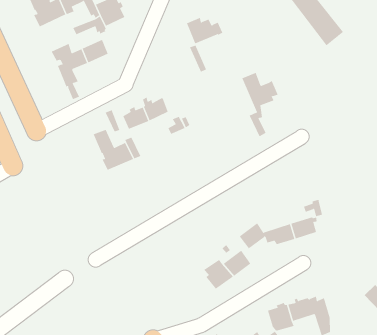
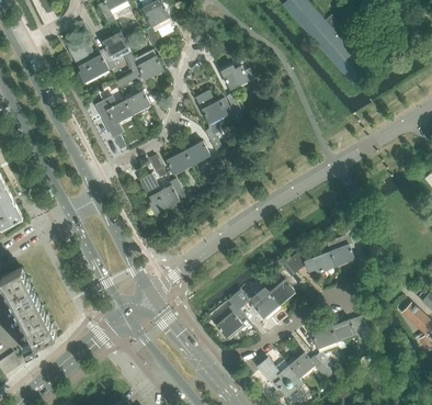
building: [242,72,278,137] -> [195,91,230,151]
building: none -> [212,291,248,337]

